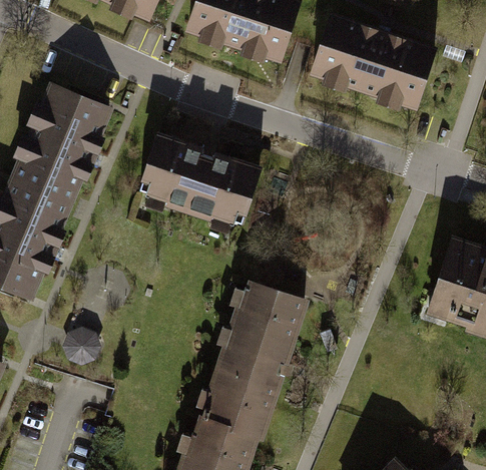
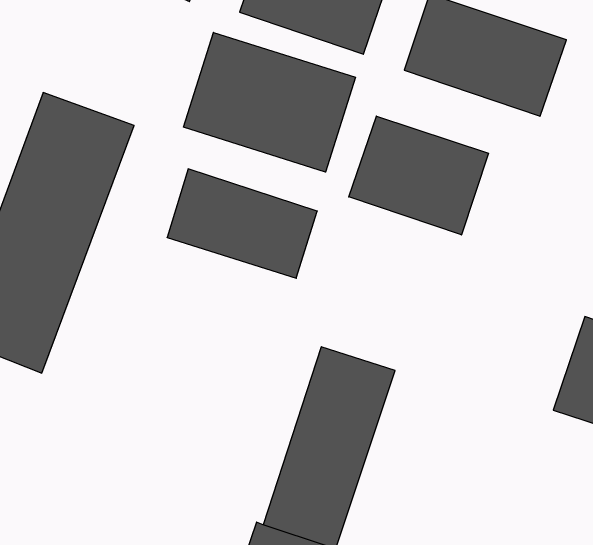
building: none -> [183,32,356,172]
building: none -> [349,116,488,235]
building: [64,326,105,365] -> none

